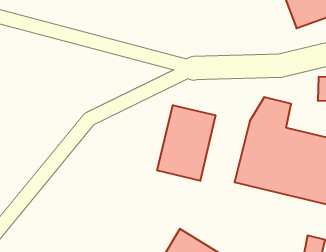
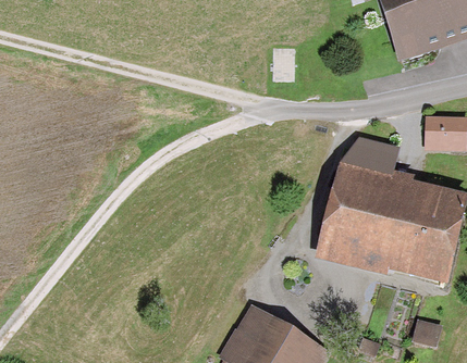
building: [157,105,215,181] -> none

